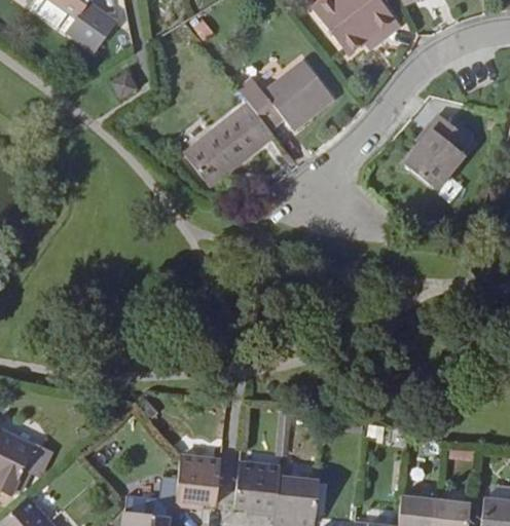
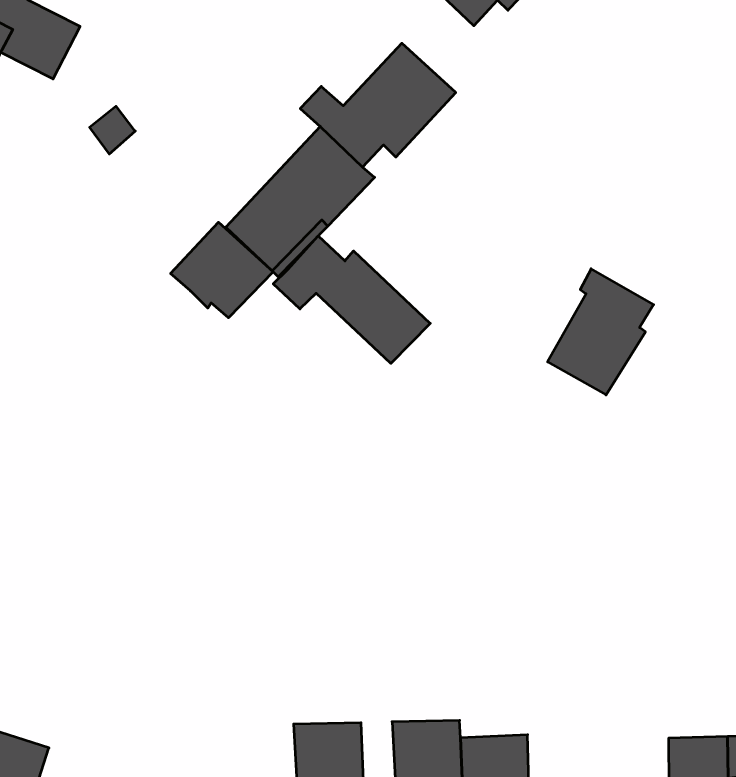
building: [404,113,472,189] -> [548,269,654,395]
building: none -> [171,222,273,318]
building: none -> [273,236,430,363]

